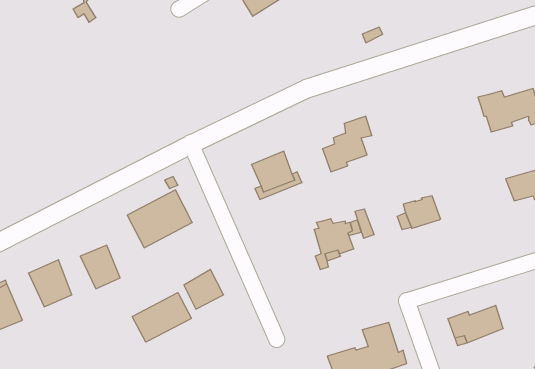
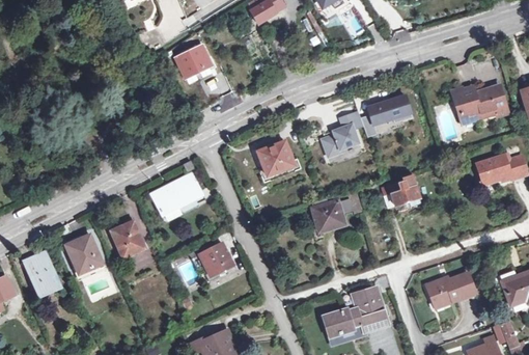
building: none -> [175,43,212,77]
building: none -> [367,95,408,125]
building: [132,293,191,342] -> none

